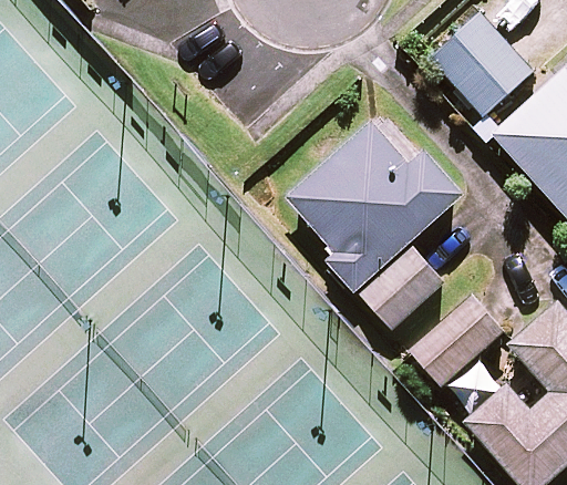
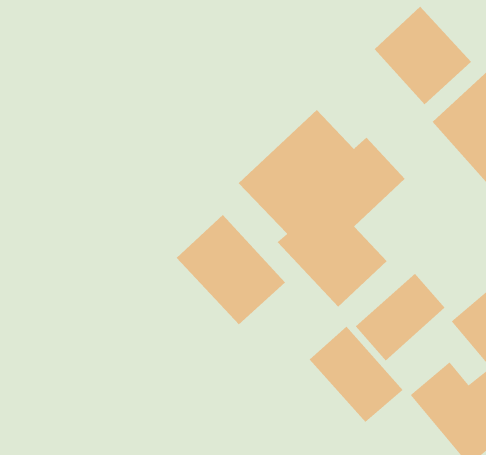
building: none -> [176,214,286,325]
building: none -> [309,326,403,423]

